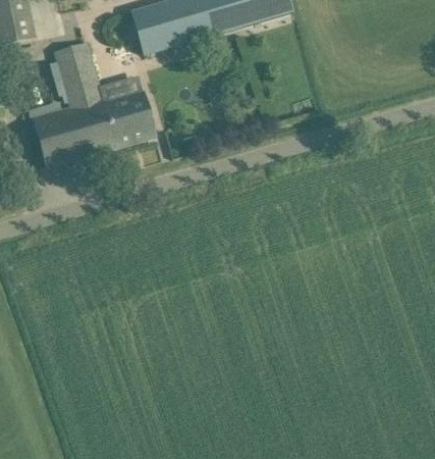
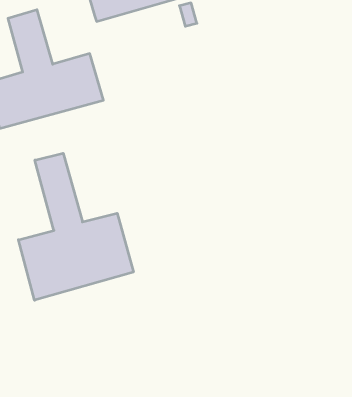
building: none -> [18,153,133,300]

